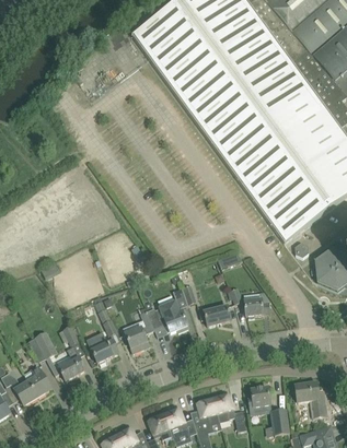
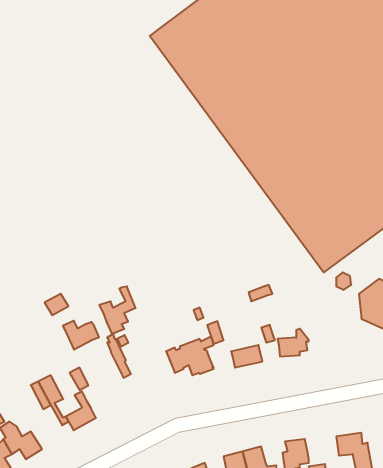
building: [123,310,154,352] -> [99,286,136,334]
building: [88,338,119,363] -> [63,321,99,350]
building: [24,364,51,396] -> none

